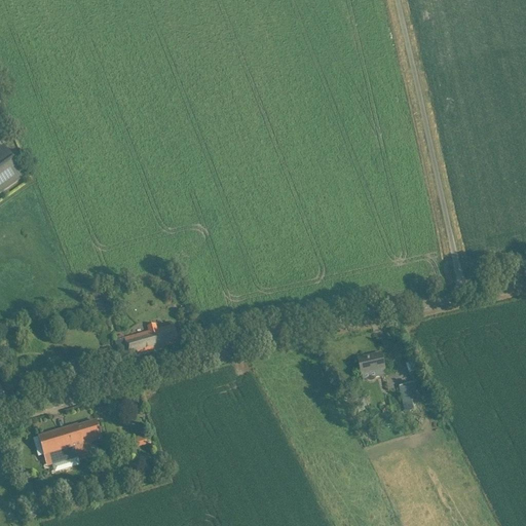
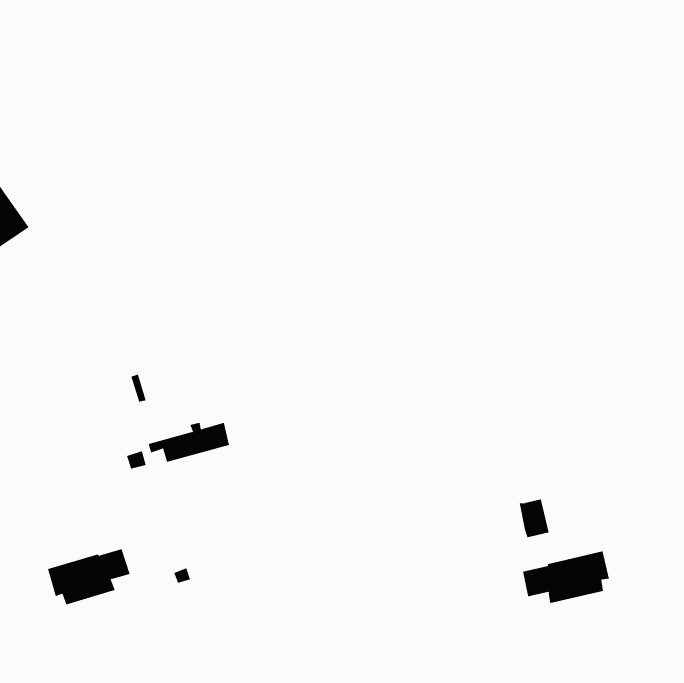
building: [356,351,382,374] -> none
building: none -> [522,551,610,604]

